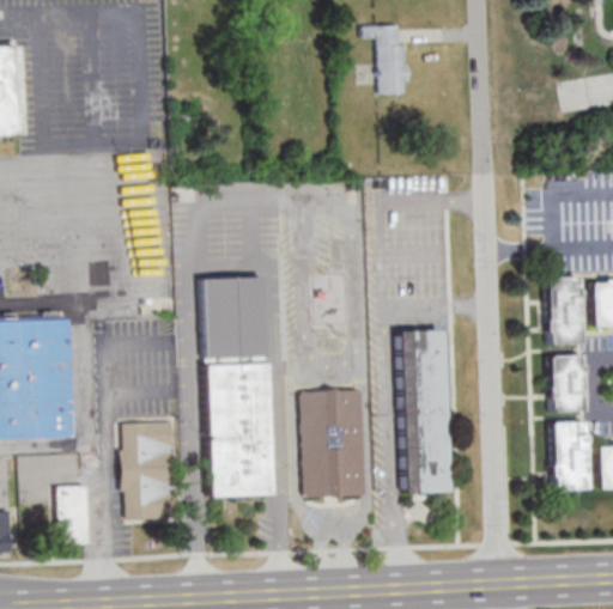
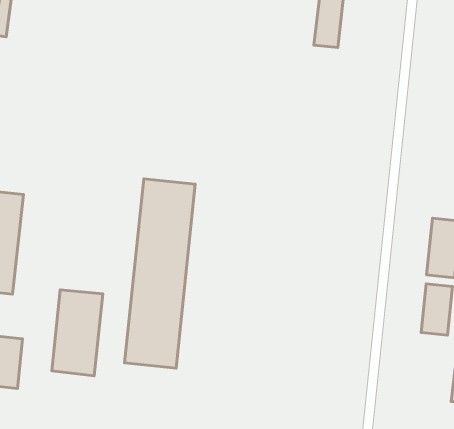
building: [400,330,451,494] -> none
building: [303,390,368,498] -> none
building: [552,422,589,491] -> none

